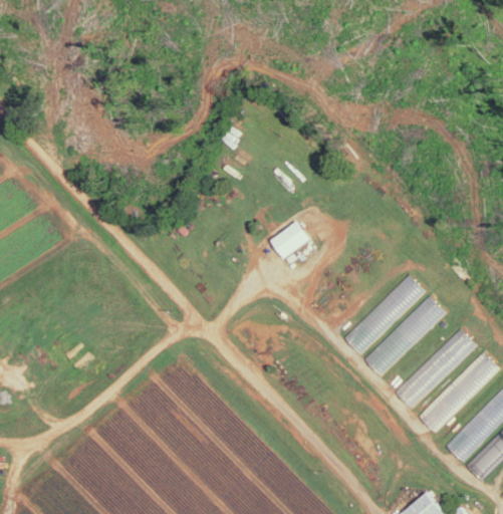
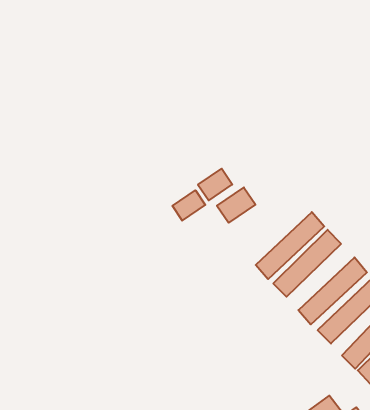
building: none -> [217,187,255,223]
building: none -> [172,190,205,221]

